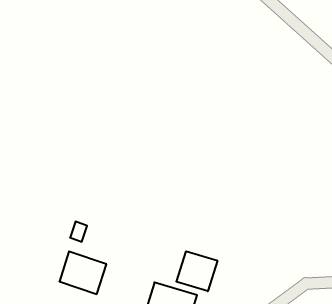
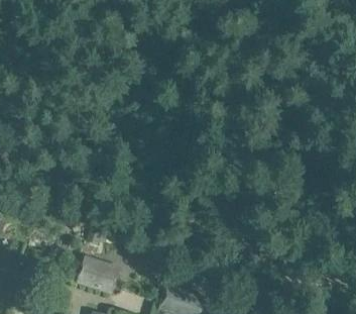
building: [176,251,217,291] -> none

